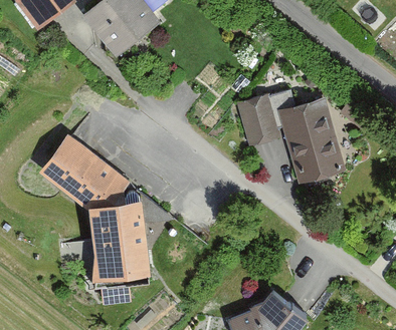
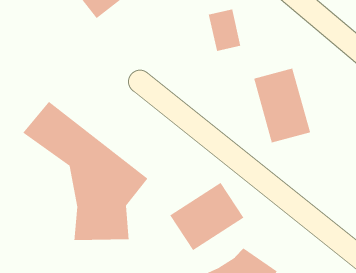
building: [240,95,275,141] -> [208,8,241,52]
building: none -> [169,182,245,251]

